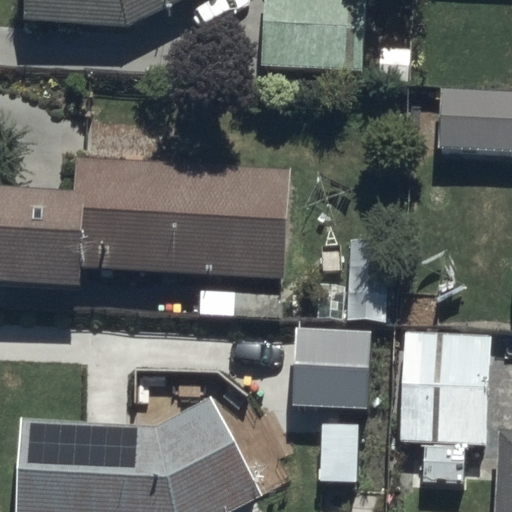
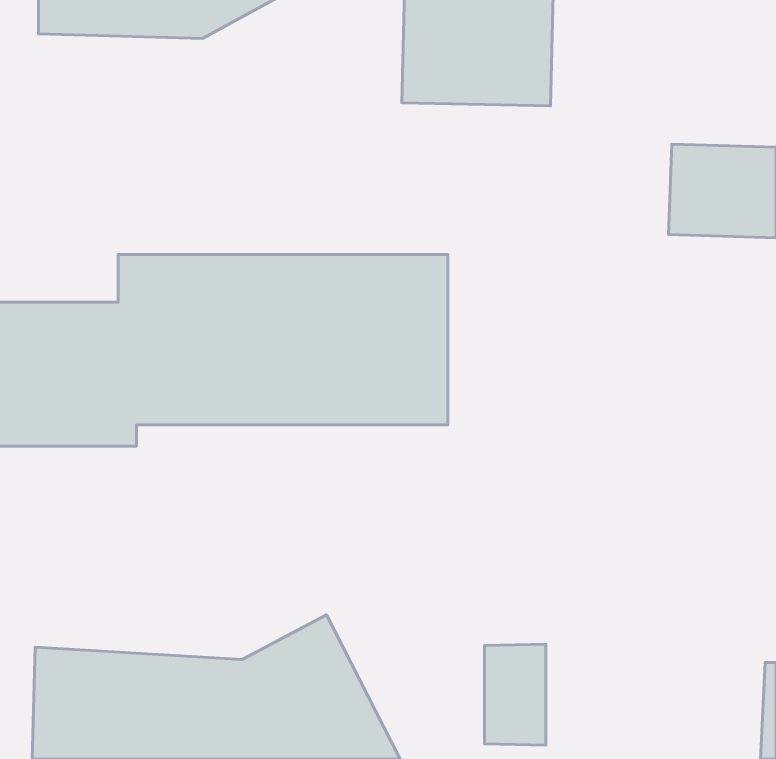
building: [294,331,372,407] -> none
building: [399,333,490,483] -> none

